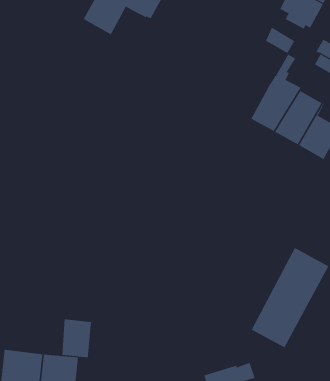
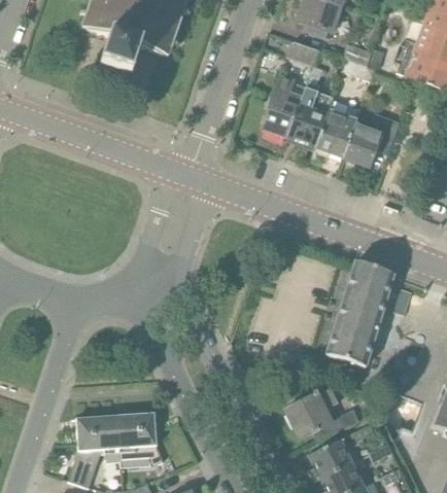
building: none -> [261,77,301,138]
building: [62,318,91,358] -> none

